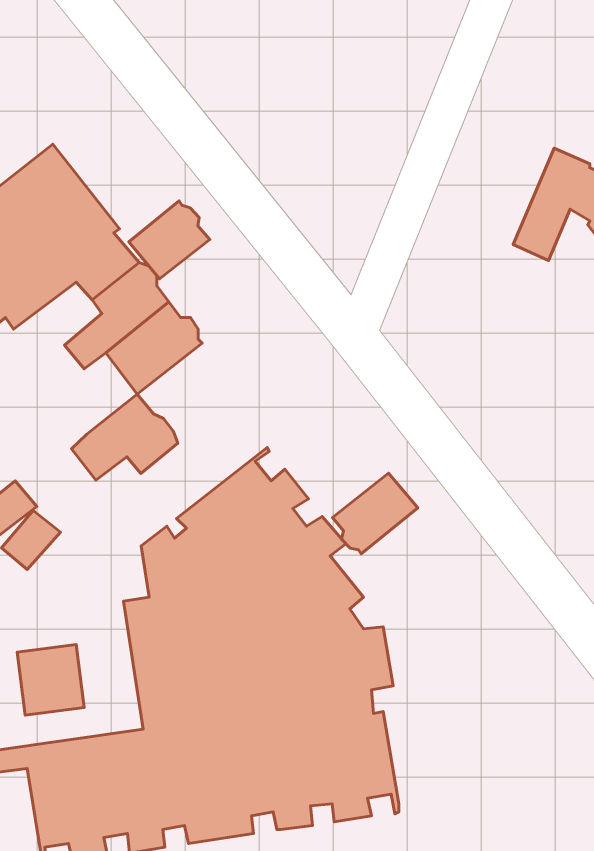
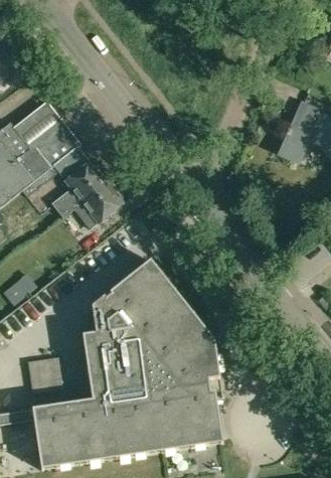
building: [129,201,210,279] -> none
building: [71,394,178,480] -> none
building: [332,473,418,554] -> none

